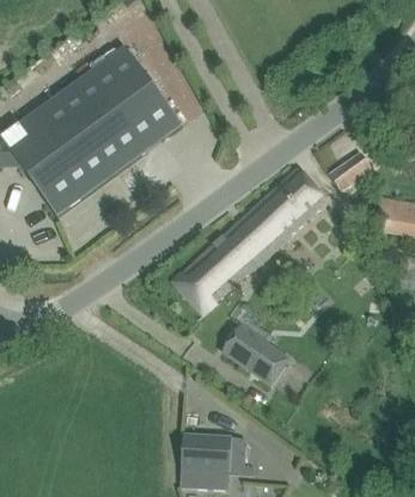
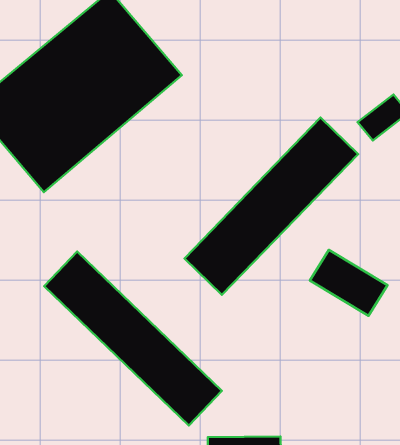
building: none -> [44,251,222,425]
building: [222,324,288,382] -> [310,250,387,316]

